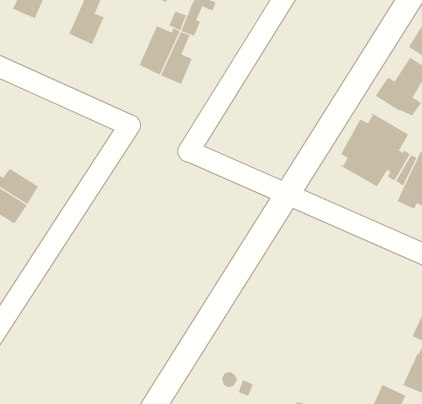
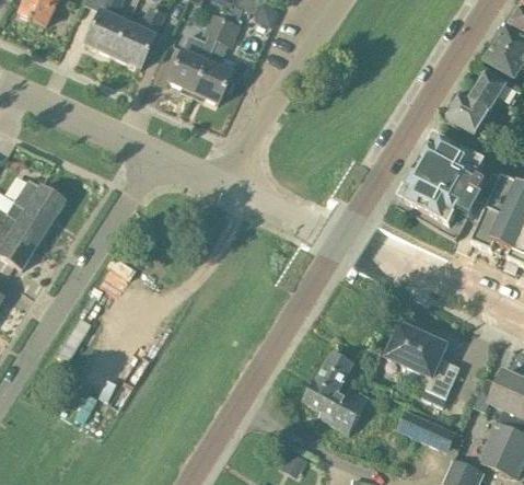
building: none -> [113,8,164,68]
building: none -> [14,178,63,223]
building: none -> [388,324,461,396]
building: none -> [304,350,370,431]
building: none -> [408,416,447,449]

